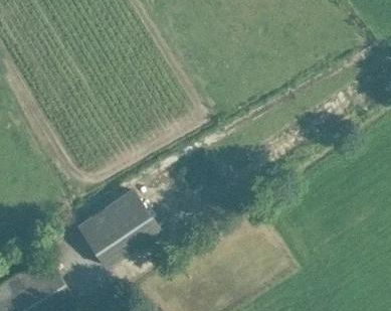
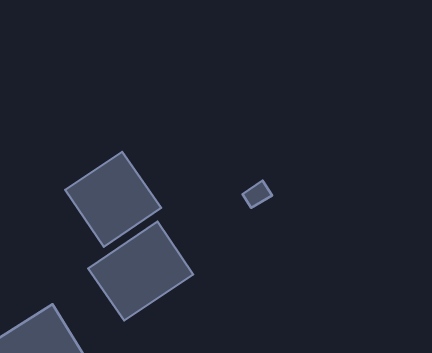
building: none -> [65,152,161,247]

